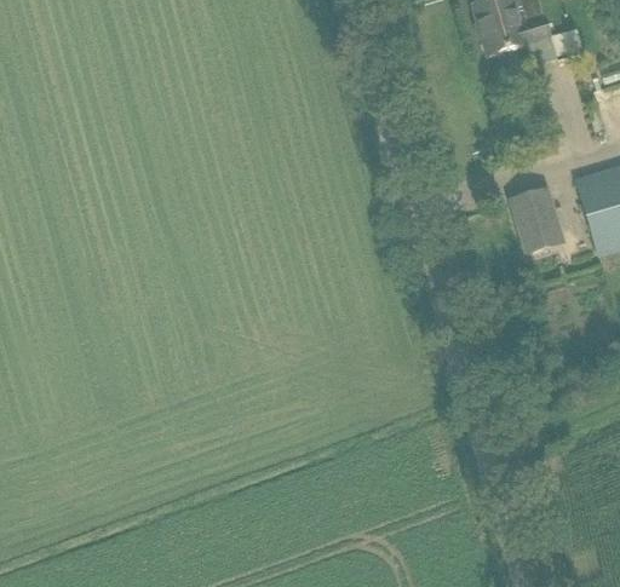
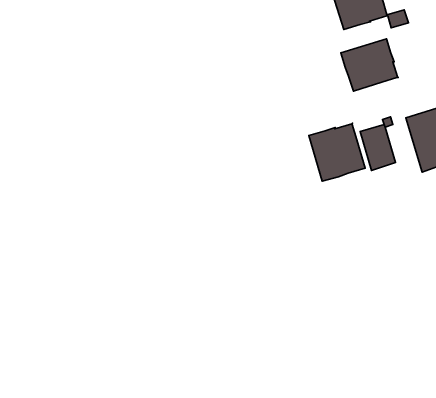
building: none -> [341,39,398,91]
building: none -> [309,123,365,181]

